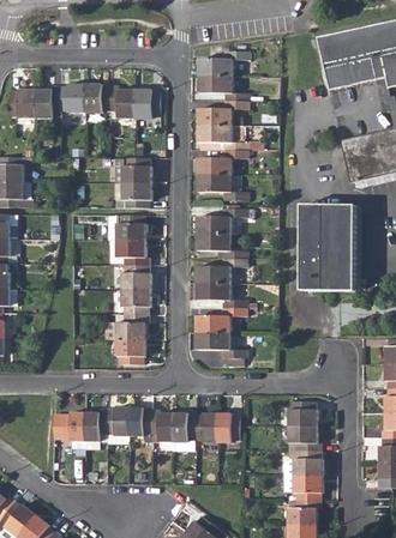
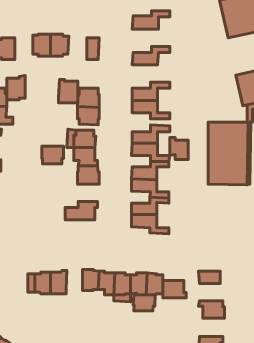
building: [196,77,247,101] -> none
building: [34,85,59,119] -> [7,76,25,100]
building: [107,86,133,119] -> [59,79,78,103]
building: [196,126,247,150] -> none
building: none -> [170,138,188,159]
building: [120,290,150,314] -> [42,146,64,164]
building: [114,339,144,363] -> none
building: [104,406,127,436] -> none
building: [288,427,320,451] -> [163,280,186,298]
building: none -> [133,295,155,311]
building: [293,474,323,500] -> none

